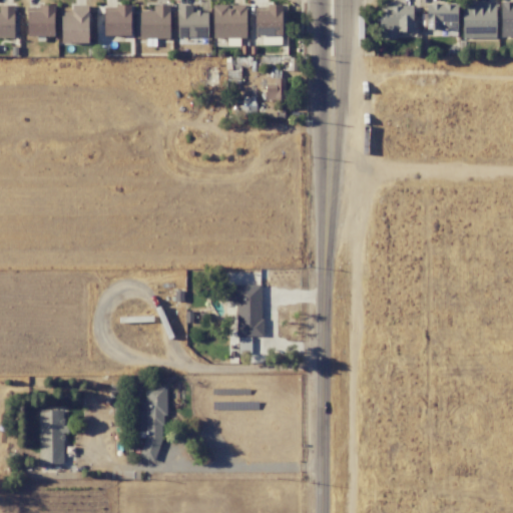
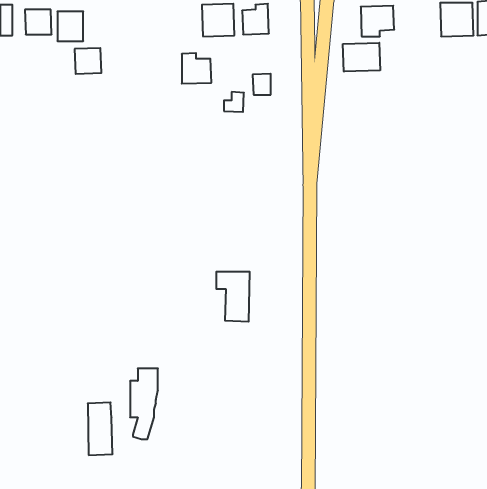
building: [428,4,459,30] -> none
building: [137,5,171,38] -> none
building: [178,5,209,37] -> [182,53,211,84]
building: [104,9,132,36] -> [75,48,101,74]
building: none -> [343,43,380,72]
building: [40,409,66,464] -> [88,402,113,455]

